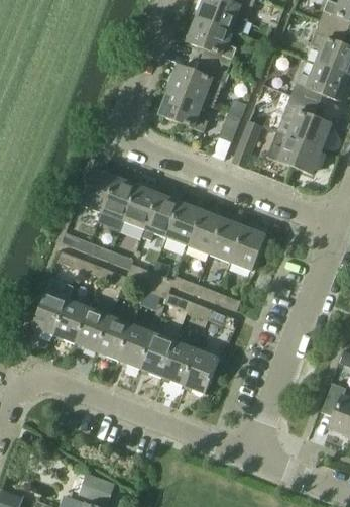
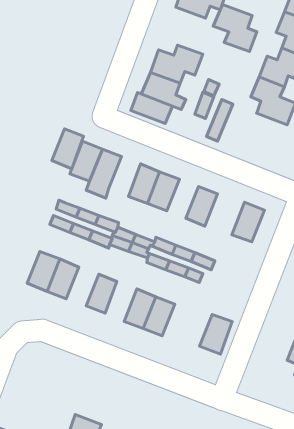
building: [187,18,235,71] -> [213,5,257,52]
building: none -> [131,93,172,123]
building: [265,131,321,174] -> none
building: [122,185,157,229] -> [52,129,83,169]
building: [187,210,222,254] -> none
building: [229,226,265,271] -> [232,202,264,242]
building: [75,308,111,351] -> none
building: [118,324,153,369] -> none
building: [182,349,218,394] -> [200,314,232,354]

